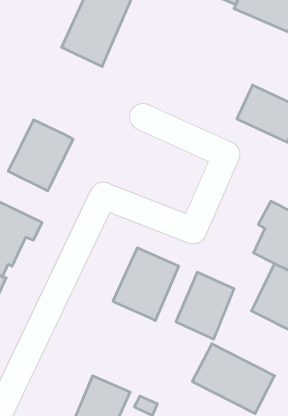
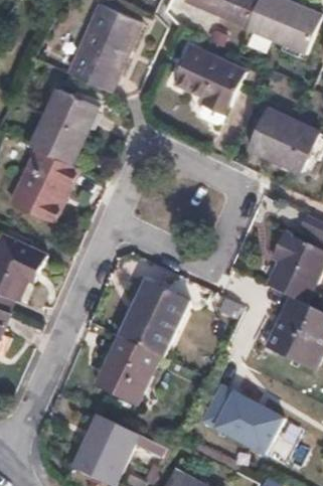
building: none -> [179,49,246,114]
building: none -> [31,88,97,163]
building: [176,272,234,339] -> [100,337,160,407]

